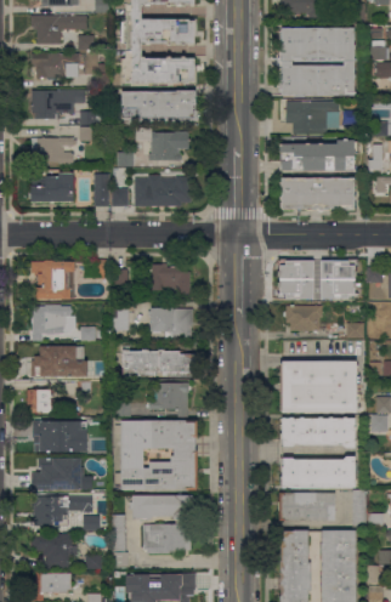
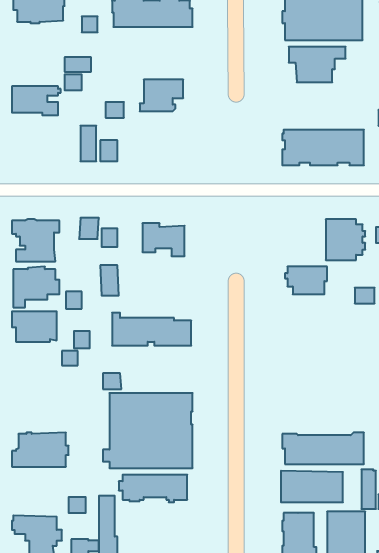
building: [30,89,84,119] -> none
building: [120,90,195,118] -> none
building: [279,140,357,171] -> none
building: [30,172,73,201] -> none
building: [135,176,191,208] -> none
building: [277,259,312,297] -> none
building: [148,307,193,340] -> none
building: [279,360,356,411] -> none
building: [146,382,188,416] -> none
building: [27,388,51,414] -> none
building: [279,418,355,448] -> none
building: [32,420,85,453] -> none
building: [33,495,92,526] -> none
building: [142,524,191,553] -> none

